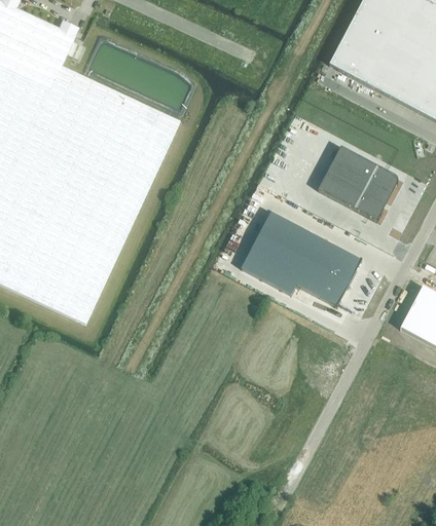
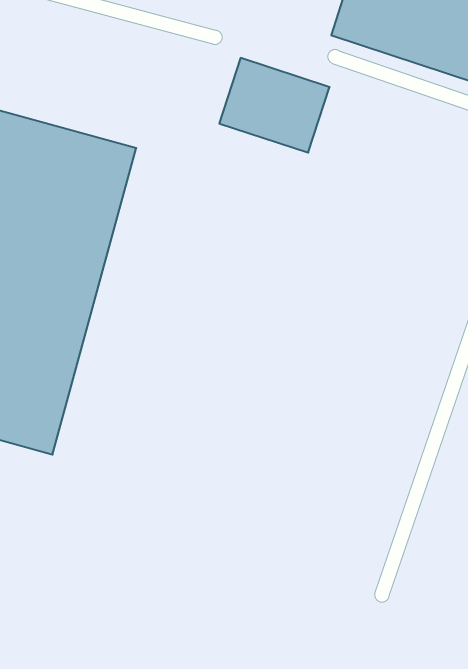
building: [318,146,399,220] -> [219,58,330,153]
building: [242,212,361,305] -> none

